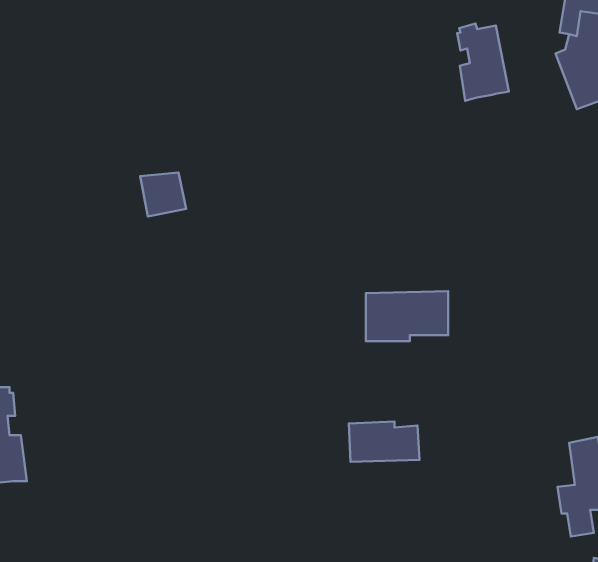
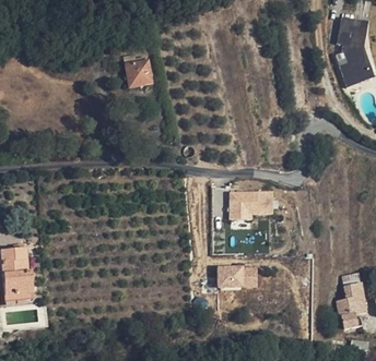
building: [457,24,509,101] -> none
building: [140,172,186,216] -> [125,62,151,87]

